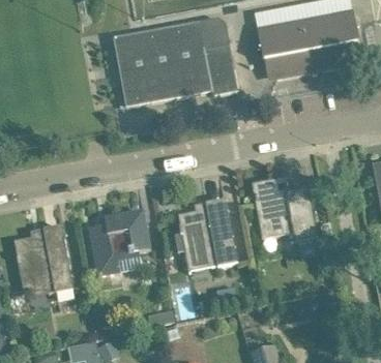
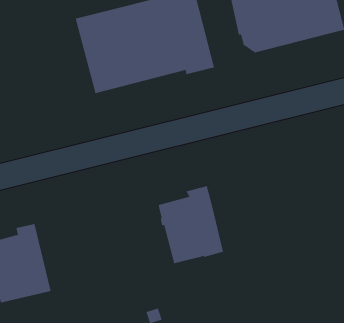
building: [255,181,318,241] -> none
building: [89,210,151,275] -> none

